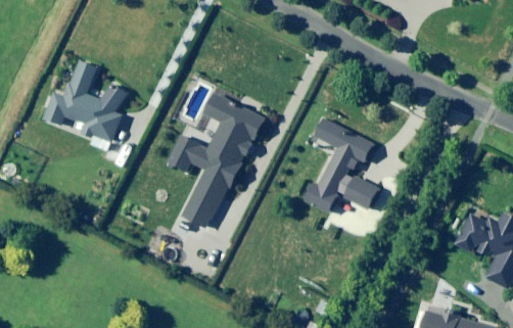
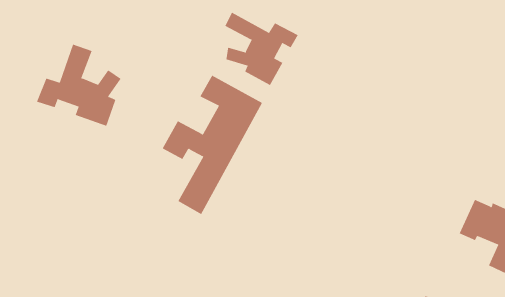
building: none -> [224,12,298,86]
building: [301,116,377,212] -> none

